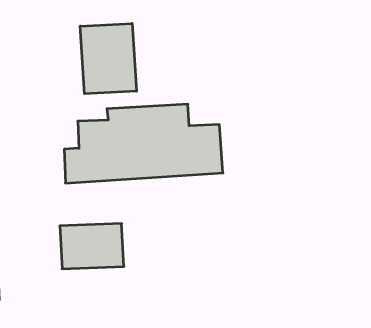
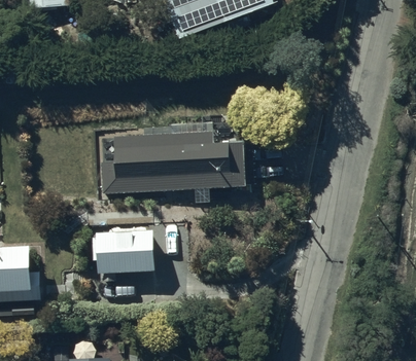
building: [80,23,136,94] -> none

